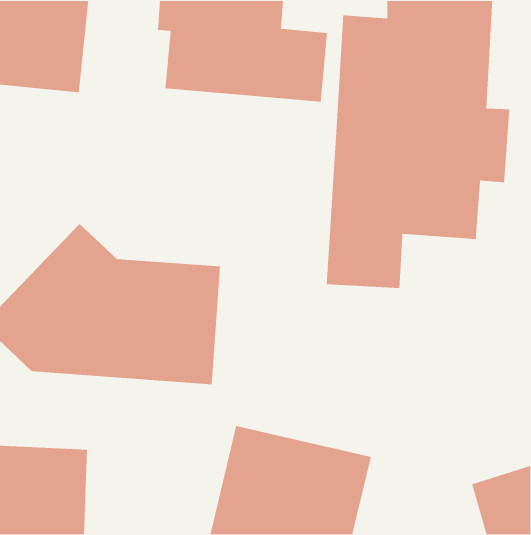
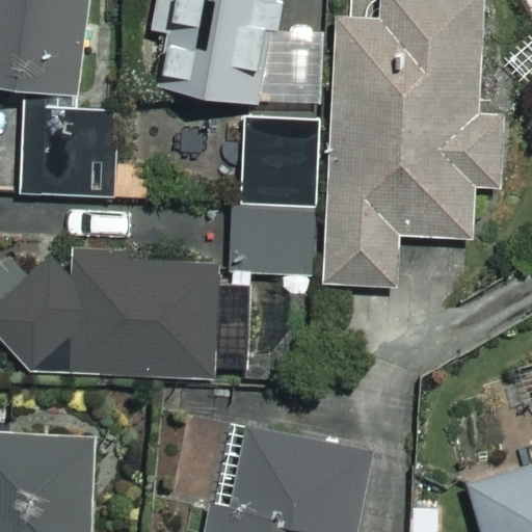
building: none -> [21,107,101,194]
building: none -> [233,115,334,283]

